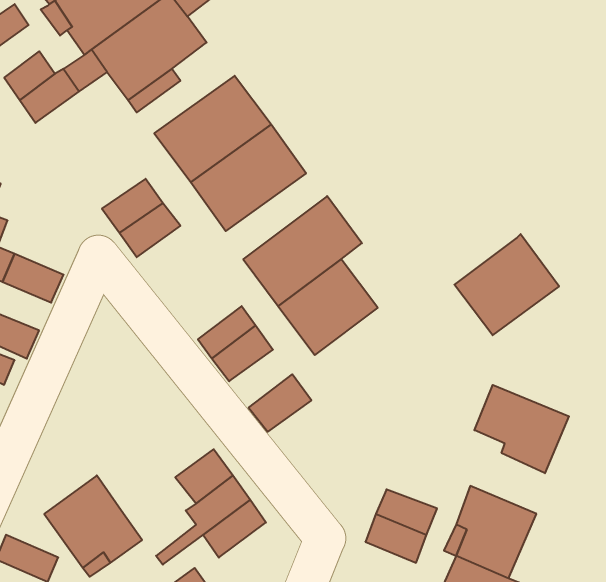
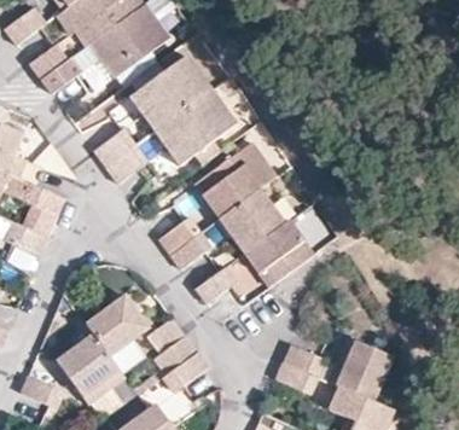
building: [454,234,559,335] -> [240,216,313,286]
building: [474,385,569,473] -> none
building: none -> [85,300,145,359]

